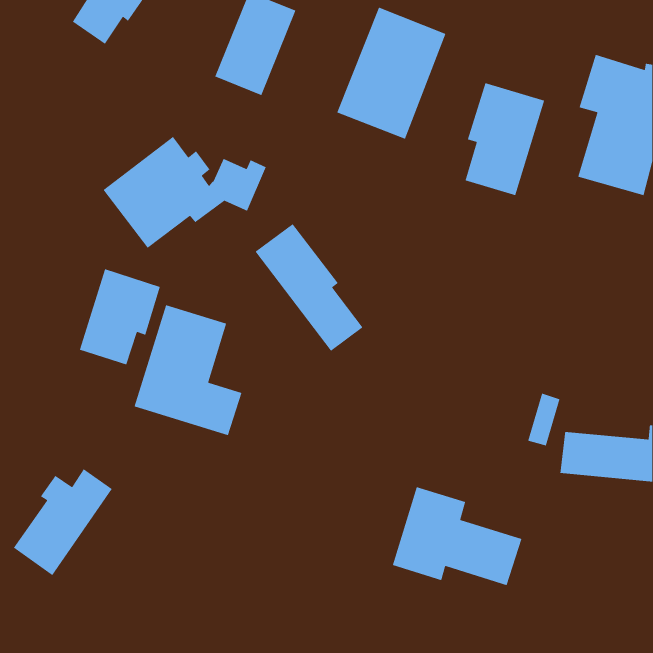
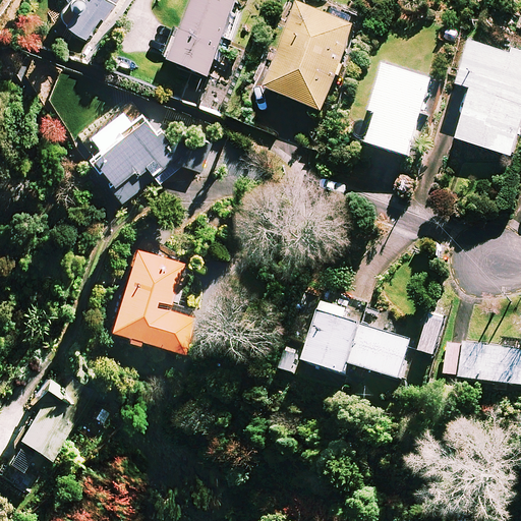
building: [254,223,363,352] -> none
building: [79,268,161,366] -> none
building: [392,486,523,586] -> [306,298,410,378]

